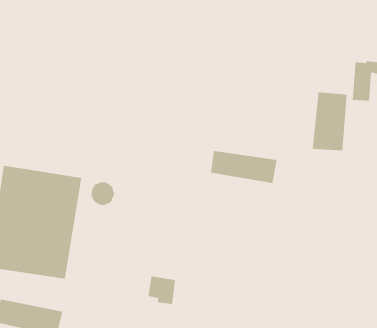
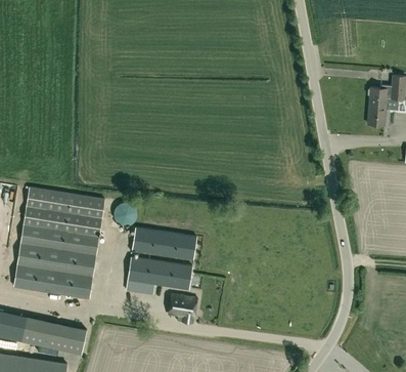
building: [312,92,348,151] -> none
building: [210,150,277,184] -> [132,228,197,260]
building: none -> [127,257,192,290]

